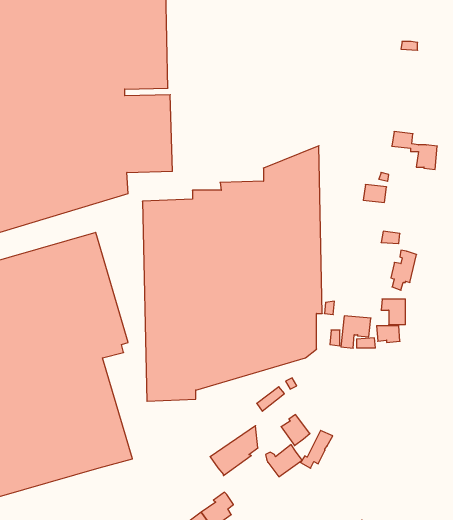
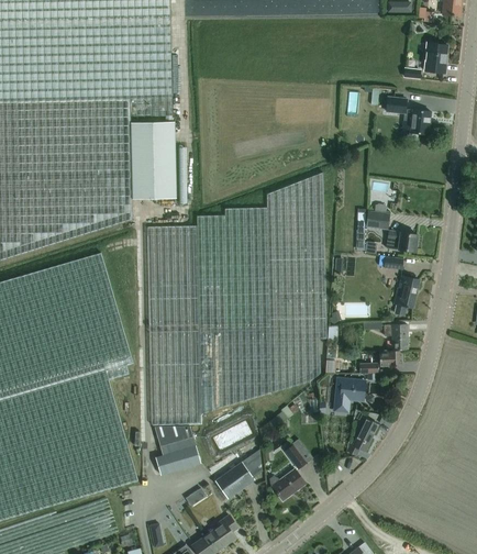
building: none -> [423,42,446,73]
building: [392,132,437,169] -> [385,96,430,133]
building: none -> [386,230,417,251]
building: [341,316,371,348] -> [334,378,364,410]
building: none -> [154,425,199,474]
building: [301,430,333,468] -> [345,418,377,455]

